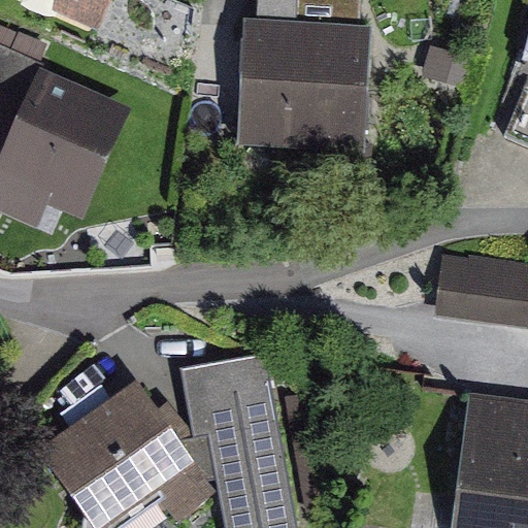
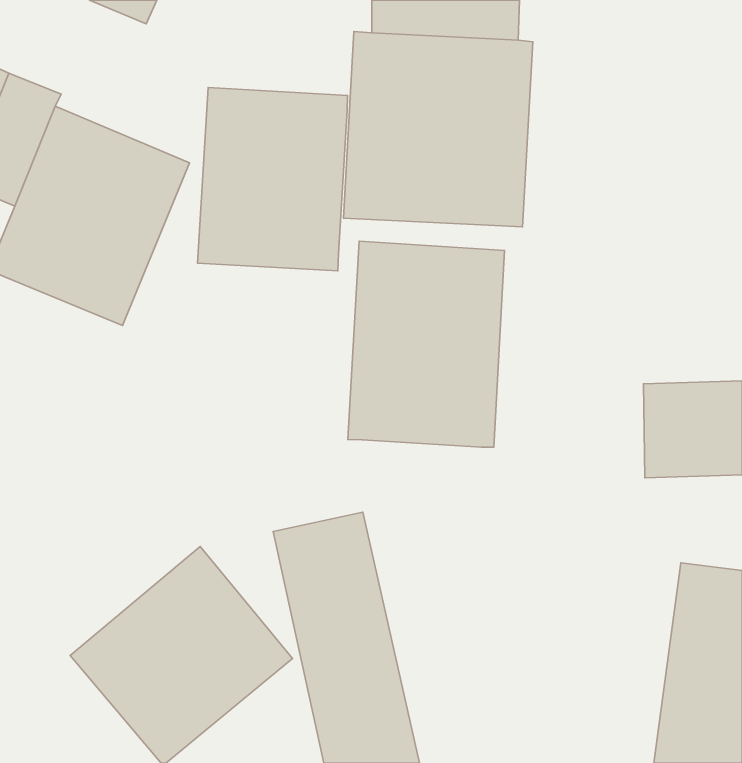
building: none -> [197,88,347,271]
building: none -> [348,241,505,447]

